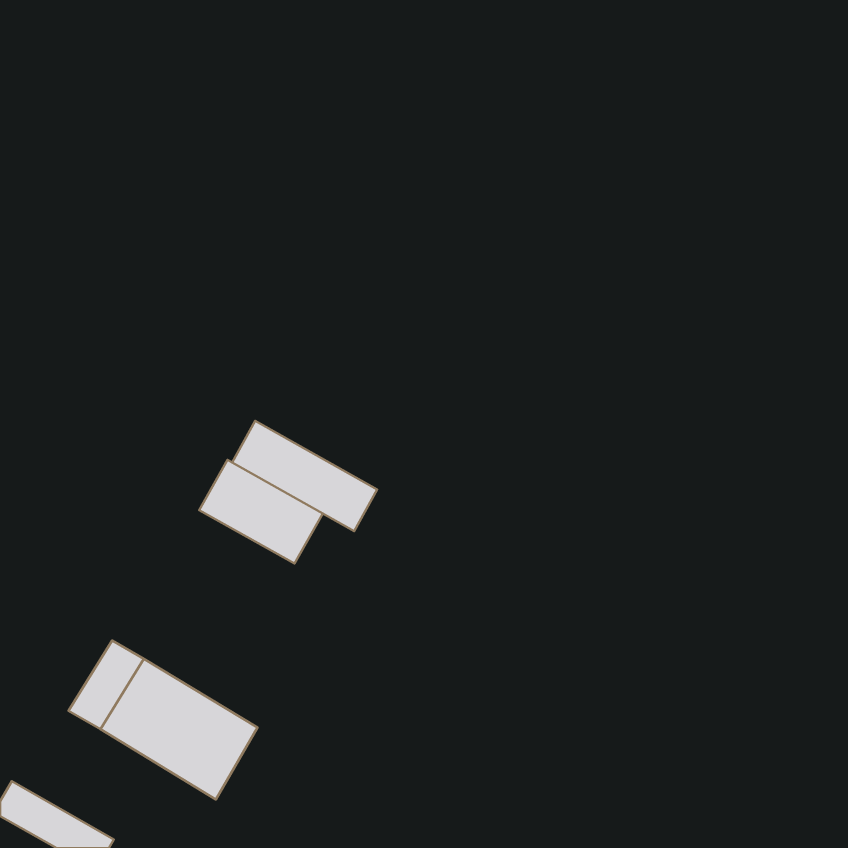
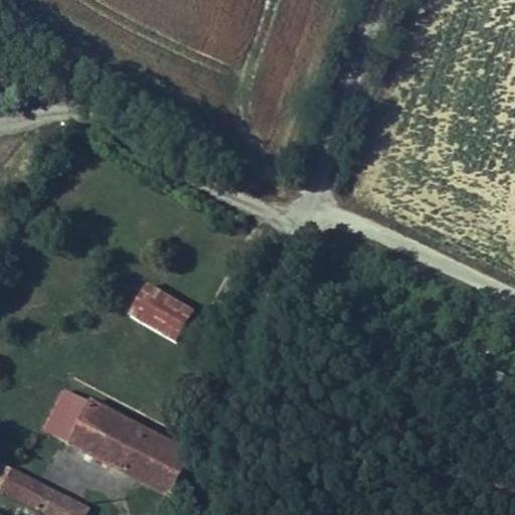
building: [232,421,377,531] -> none
building: none -> [134,438,186,497]

